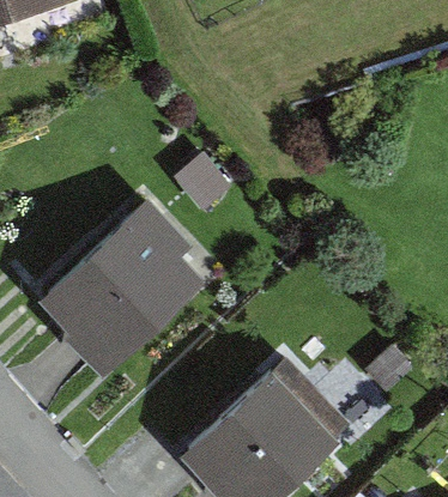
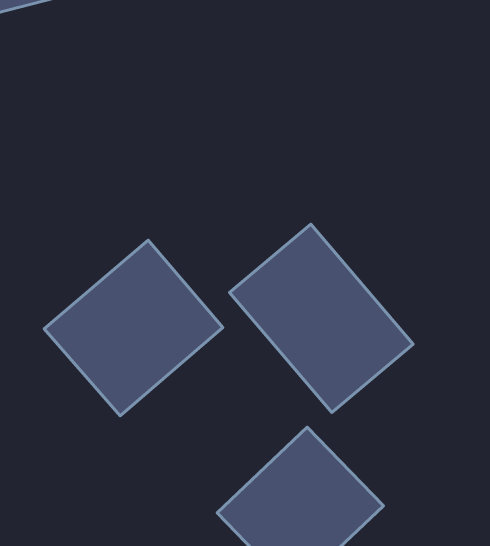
building: none -> [229,224,413,412]

